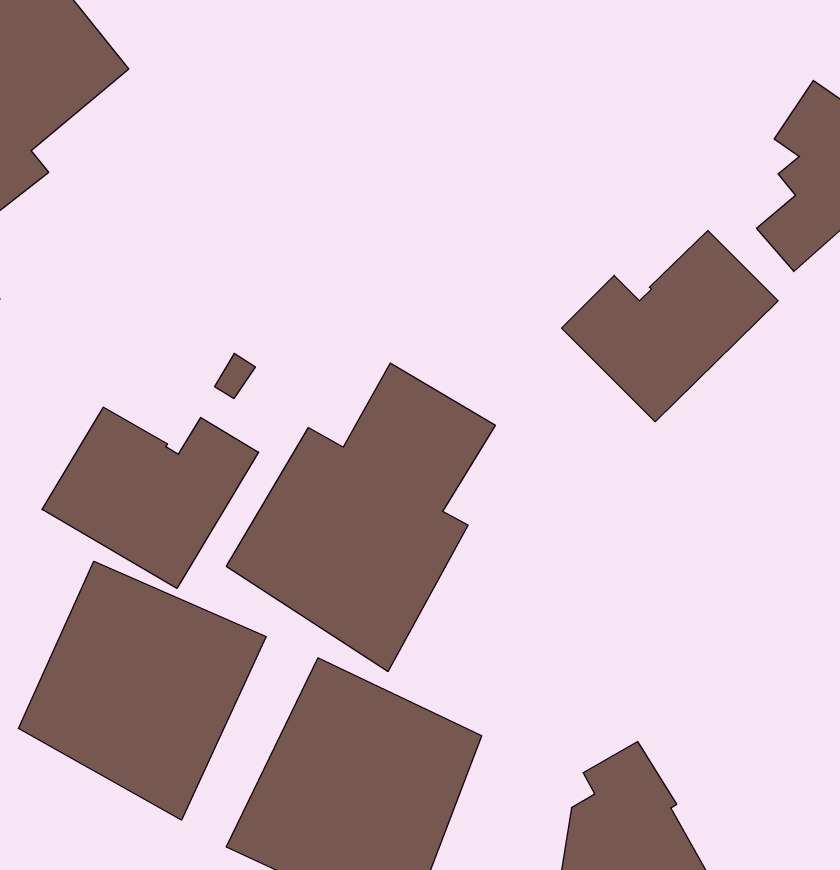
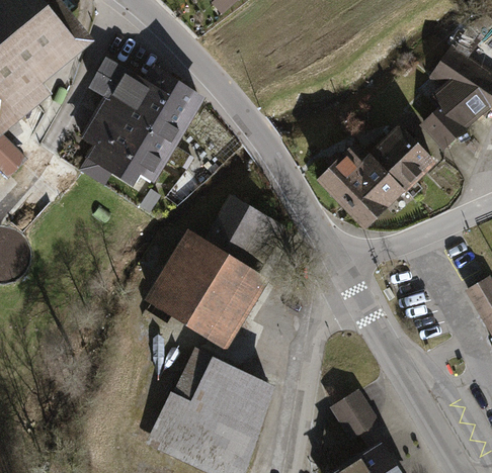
building: none -> [81,57,206,186]
building: [42,407,259,588] -> none
building: [19,561,266,820] -> none

